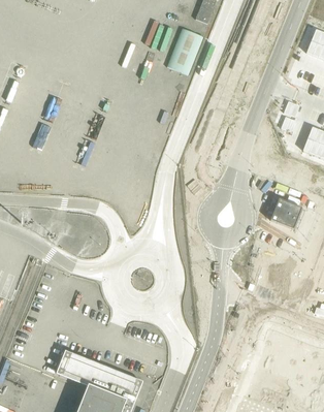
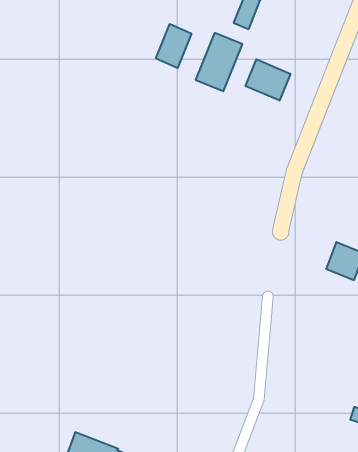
building: none -> [156,24,191,68]
building: none -> [246,59,290,101]

